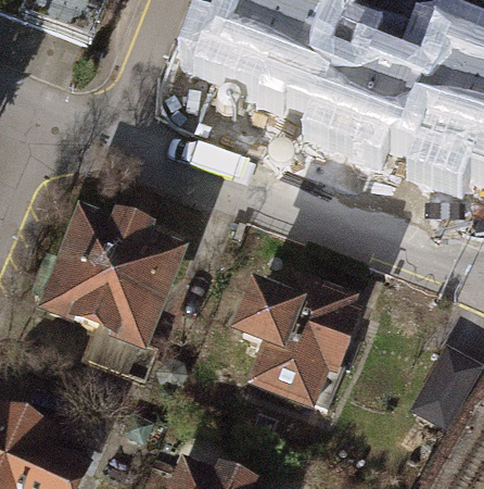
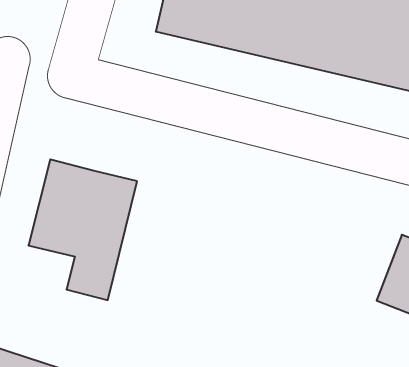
building: [239,279,351,402] -> none

